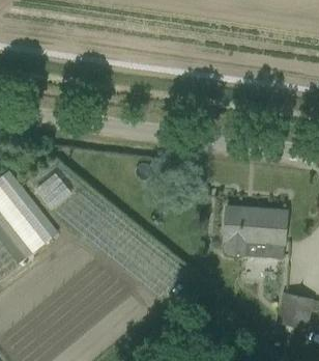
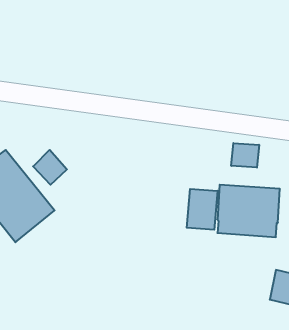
building: none -> [231,143,259,168]
building: none -> [187,189,218,230]

